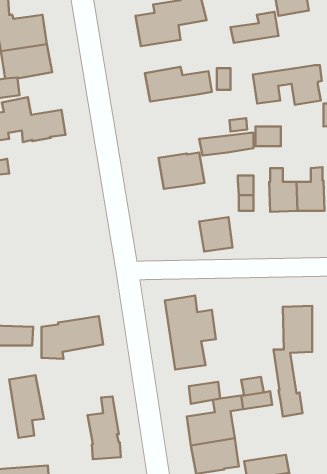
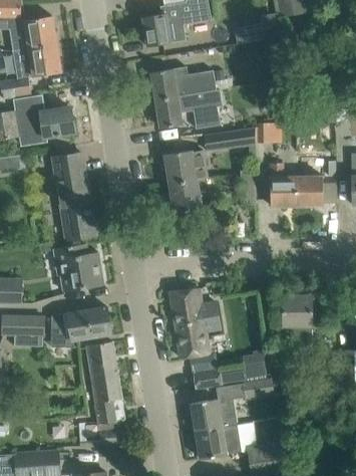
building: [253,65,322,105] -> [155,90,222,129]
building: none -> [53,153,94,239]
building: [199,217,233,252] -> [168,180,201,213]
building: none -> [52,243,103,291]
building: [9,375,44,438] -> [86,341,119,402]

